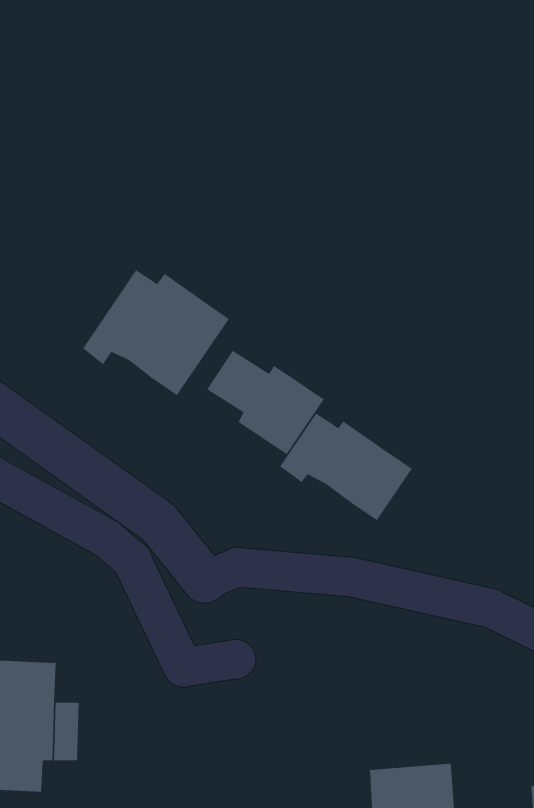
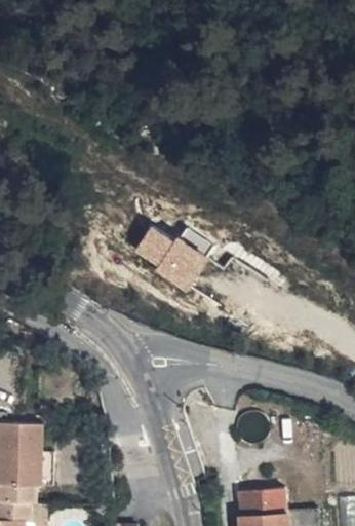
building: [82,269,230,396] -> none
building: [279,413,413,521] -> none

